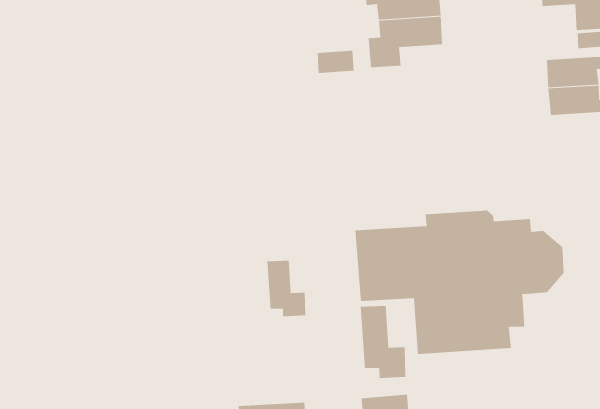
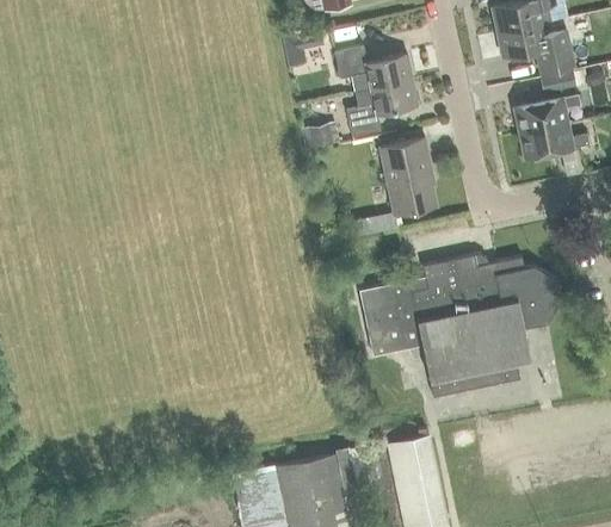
building: none -> [381,138,437,215]
building: [267,260,306,317] -> none
building: [360,305,406,379] -> none

